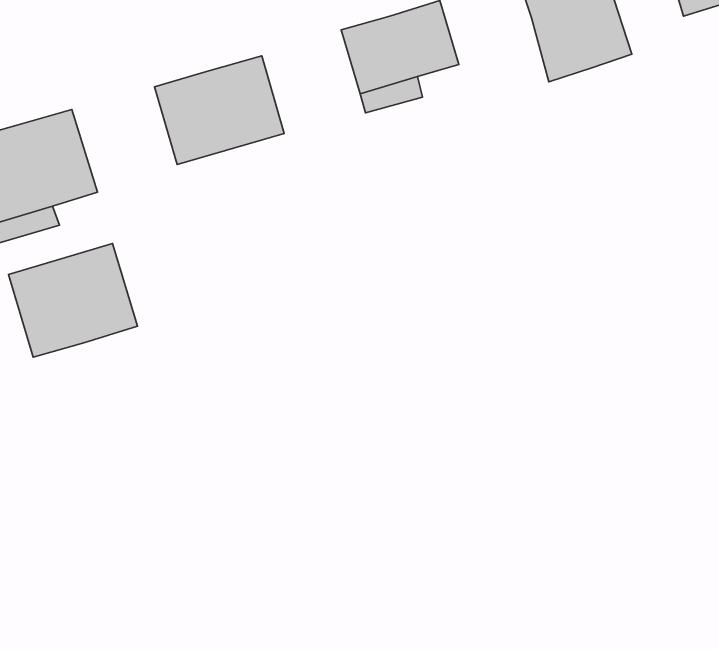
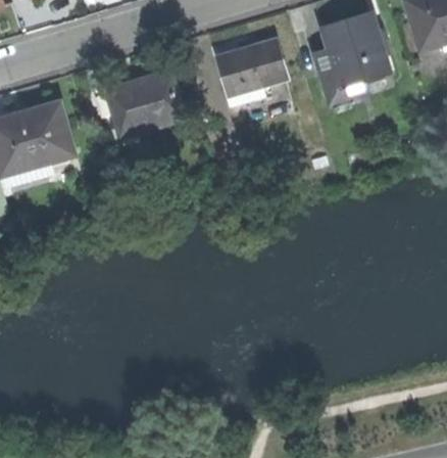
building: none -> [314,49,368,101]
building: [8,244,137,357] -> none

